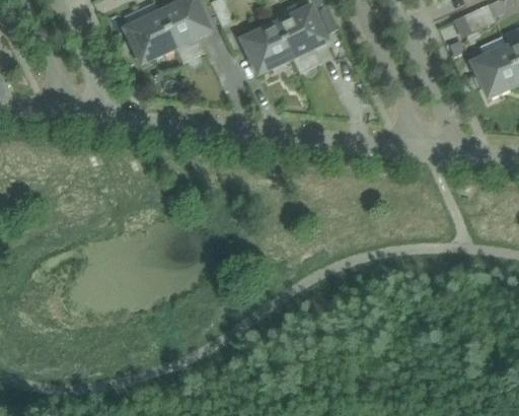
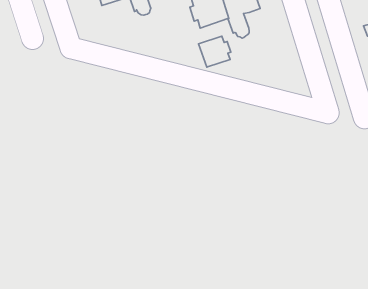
building: none -> [199,36,231,67]

